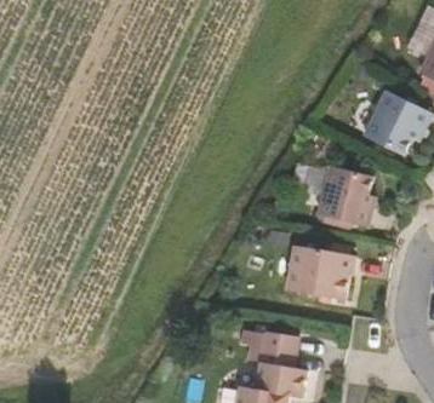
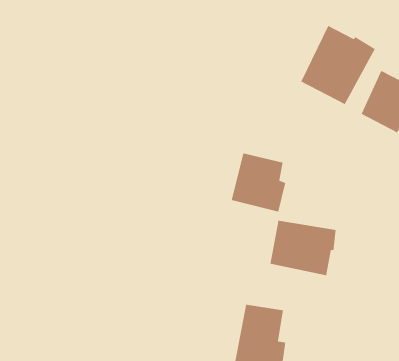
building: none -> [300,25,376,105]
building: [324,166,379,226] -> [231,153,286,212]

